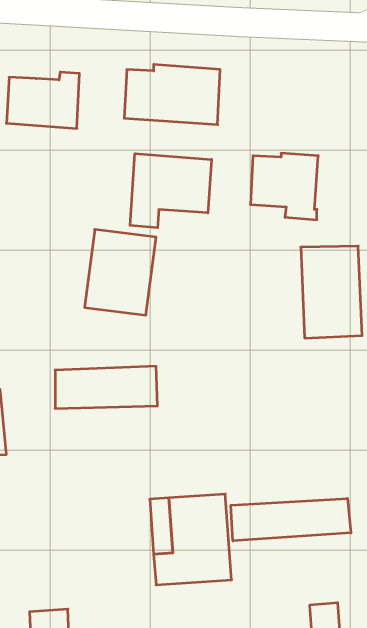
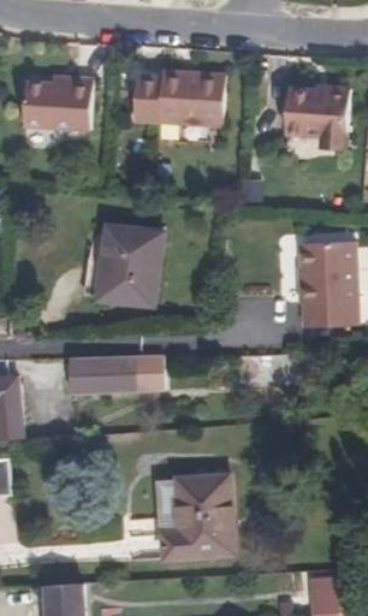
building: [250,153,318,220] -> [285,85,349,148]
building: [130,154,212,228] -> none
building: [231,498,351,541] -> none

